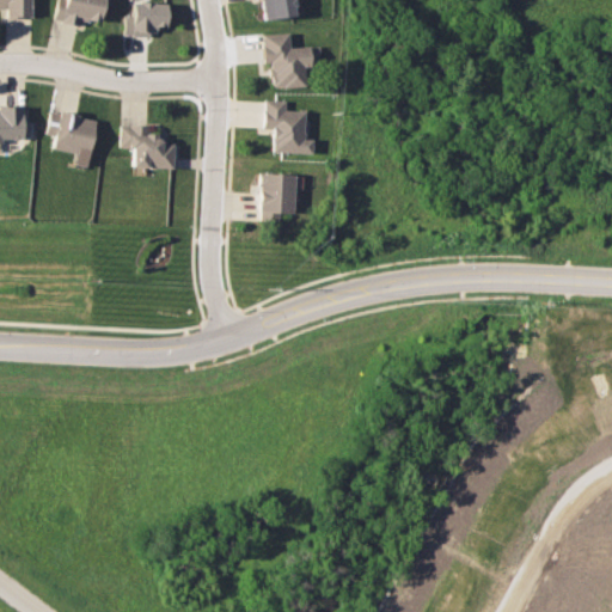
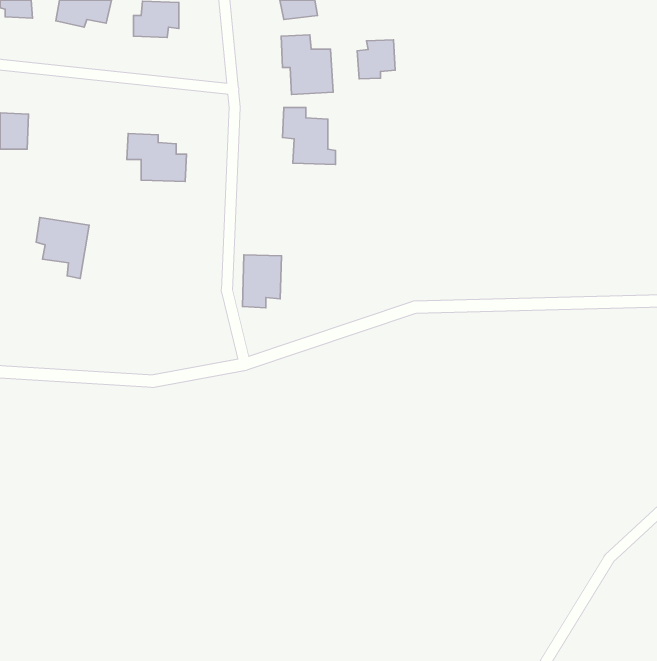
building: none -> [357,40,395,79]
building: [49,111,98,167] -> [36,218,89,278]
building: [261,173,296,222] -> [243,255,282,308]

